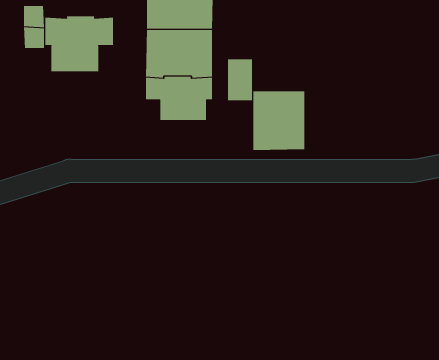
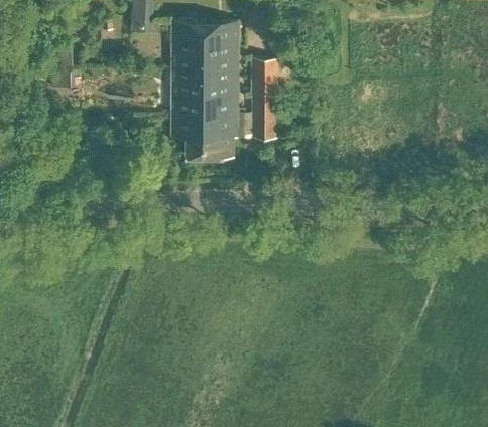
building: [45,15,113,72] -> none
building: none -> [252,60,277,99]
building: [253,91,305,151] -> none

